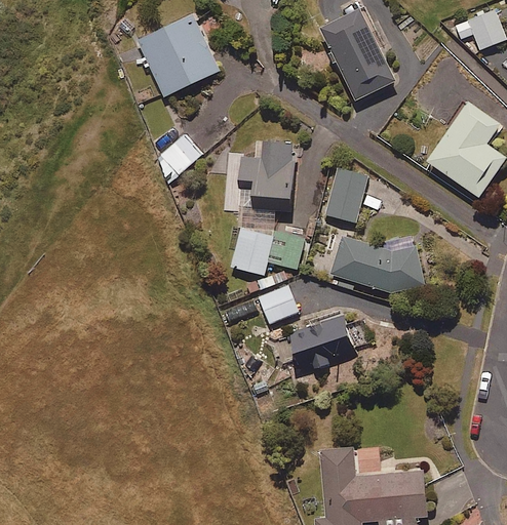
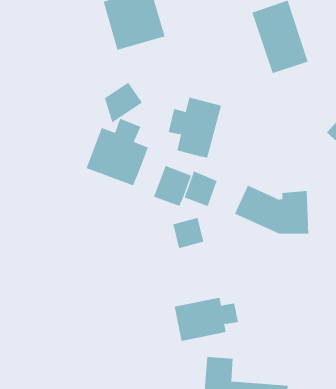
building: [325,167,367,221] -> none
building: none -> [86,118,148,186]
building: [288,315,369,374] -> [174,297,239,341]

